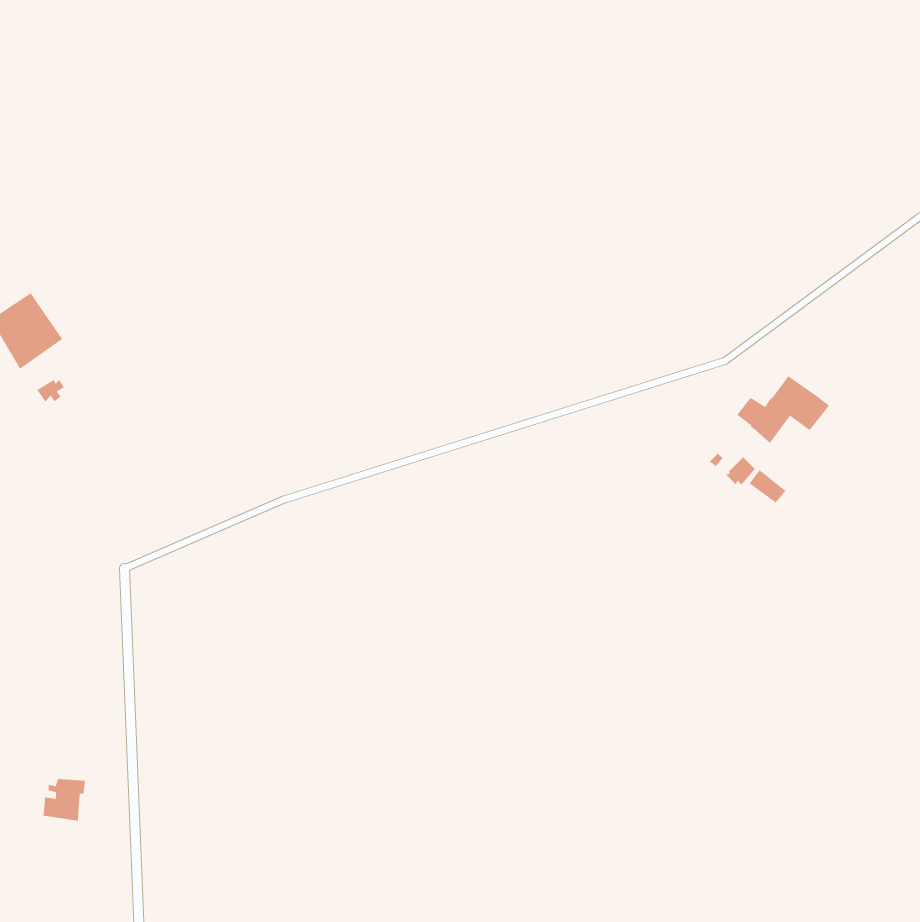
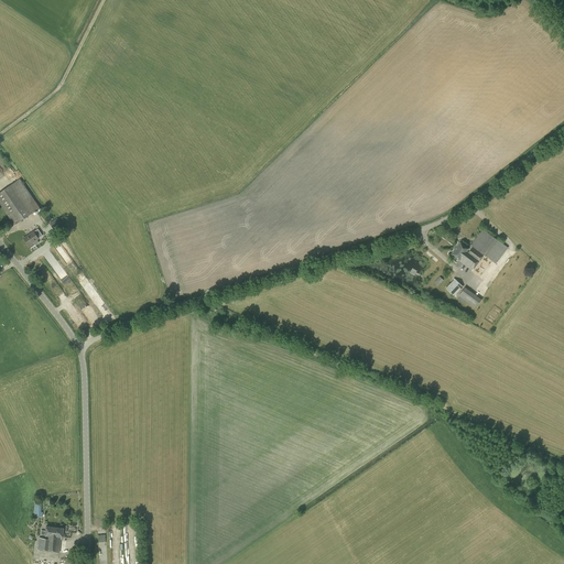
building: [43,778,86,822] -> [36,527,63,553]

